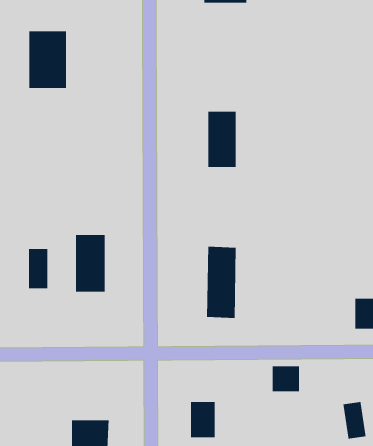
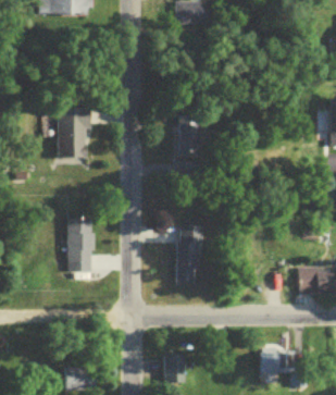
building: [28,31,67,89] -> [59,109,90,157]
building: [28,248,48,289] -> none
building: [272,366,300,392] -> [258,351,281,373]

